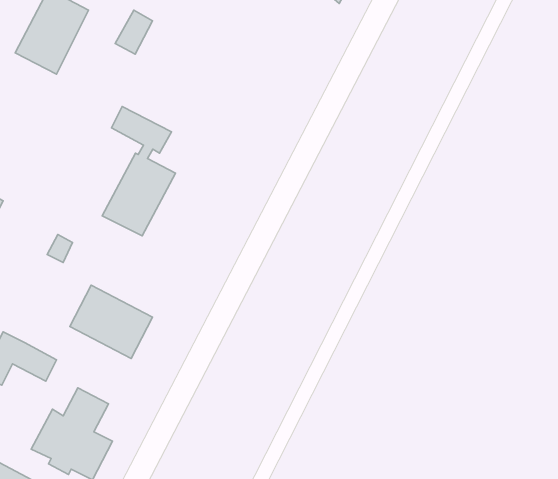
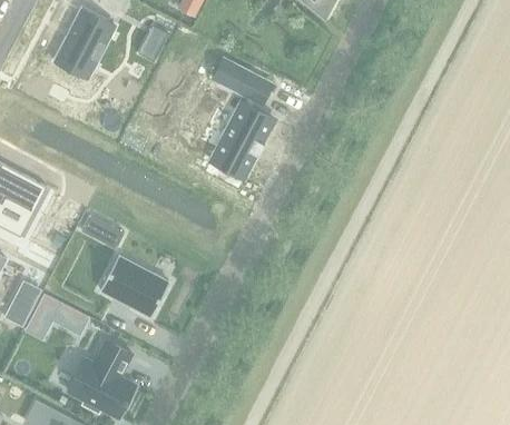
building: [102,106,175,236] -> [212,63,273,171]

